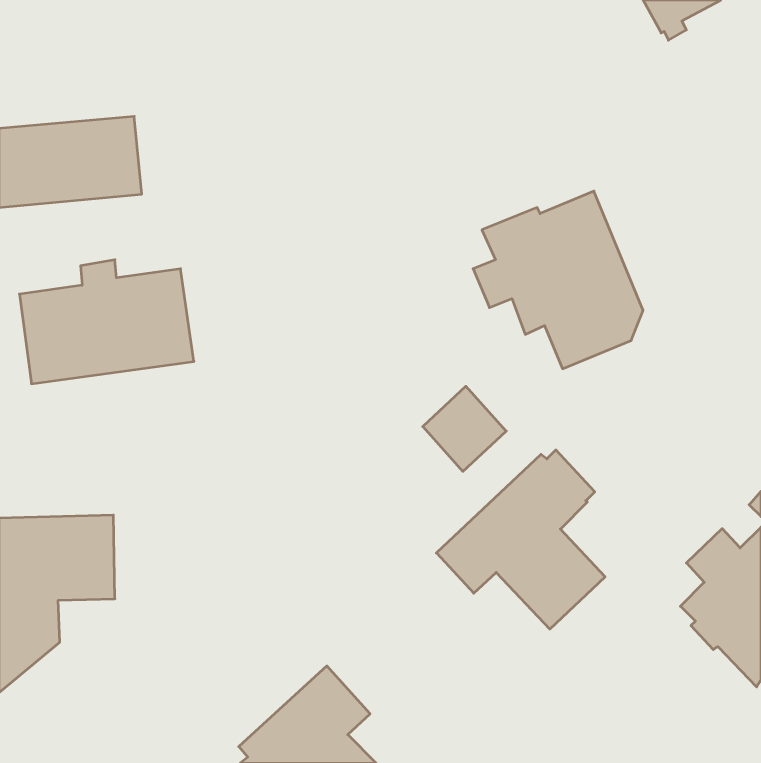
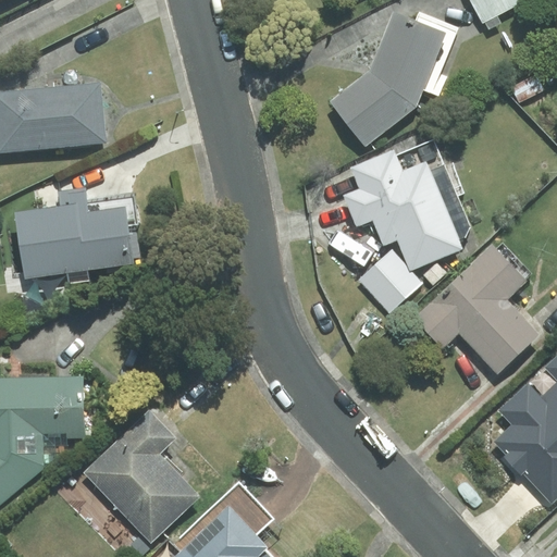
building: none -> [331,13,456,145]
building: [423,386,506,471] -> [359,250,420,312]
building: [436,450,605,629] -> [414,243,537,373]
building: none -> [84,412,197,542]

